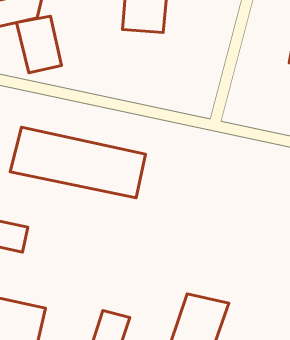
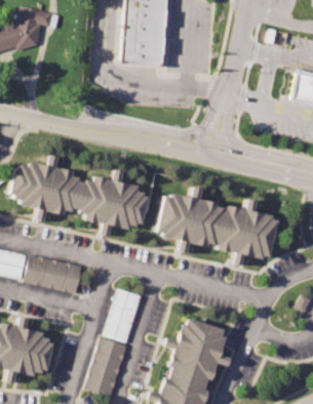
building: [17,16,62,73] -> none
building: none -> [158,192,277,258]
building: none -> [25,257,84,294]
building: none -> [106,290,145,345]

